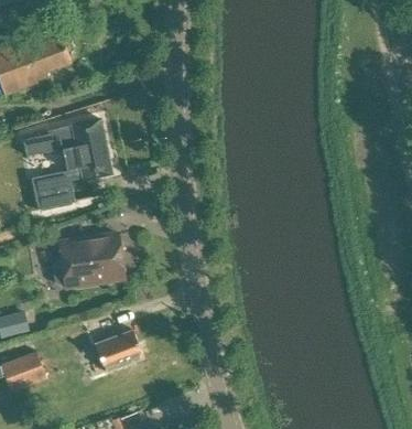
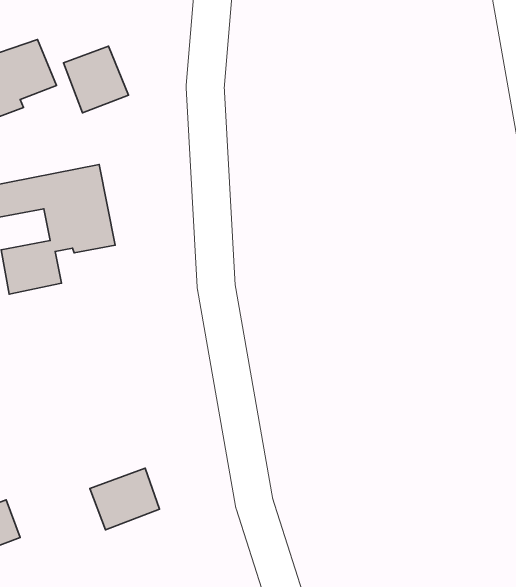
building: none -> [64,46,128,113]
building: [53,234,124,287] -> none

